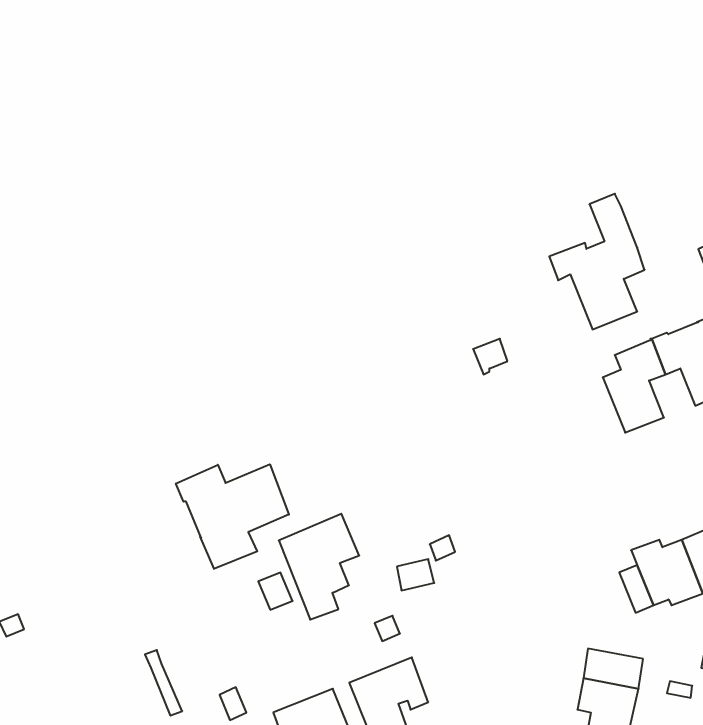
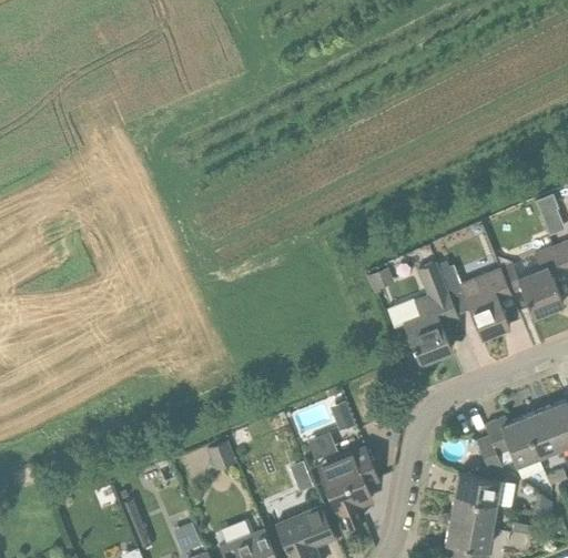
building: [549,194,645,329] -> [387,262,458,363]
building: [176,464,289,569] -> none
building: [279,514,359,620] -> [320,447,379,526]
building: none -> [454,474,499,506]

